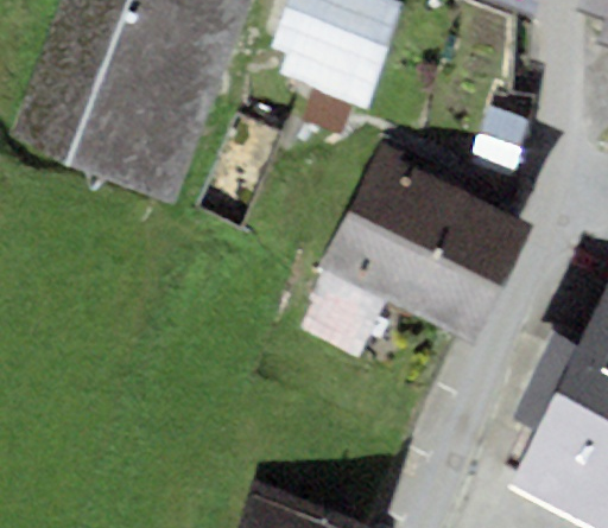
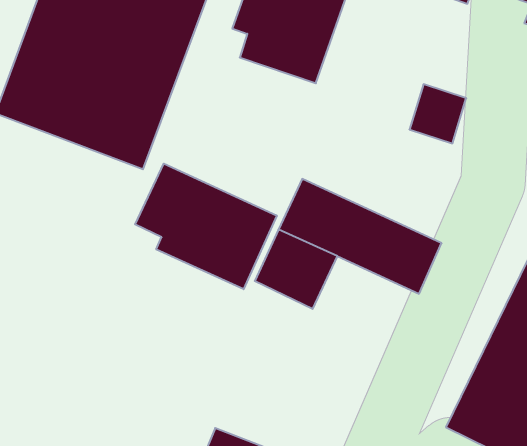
building: [350,148,534,282] -> none
building: none -> [135,164,277,289]

